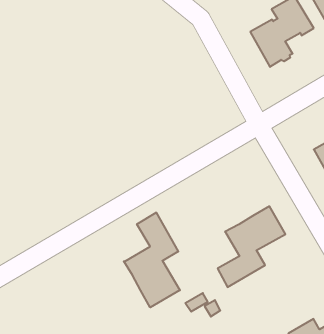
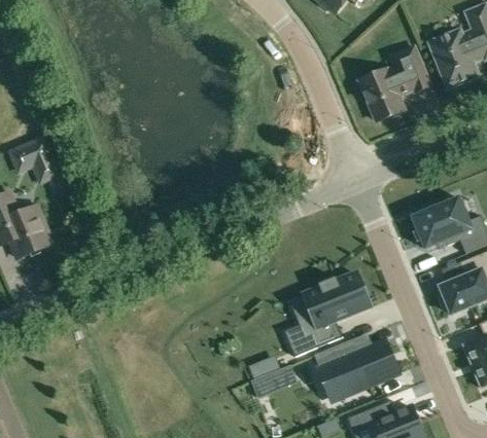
building: [124,212,180,307] -> none
building: none -> [313,340,396,389]

